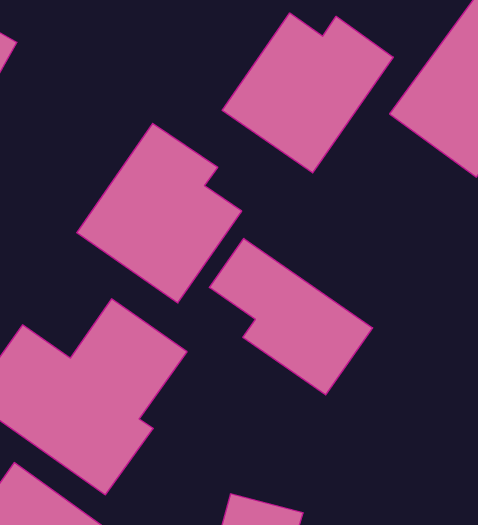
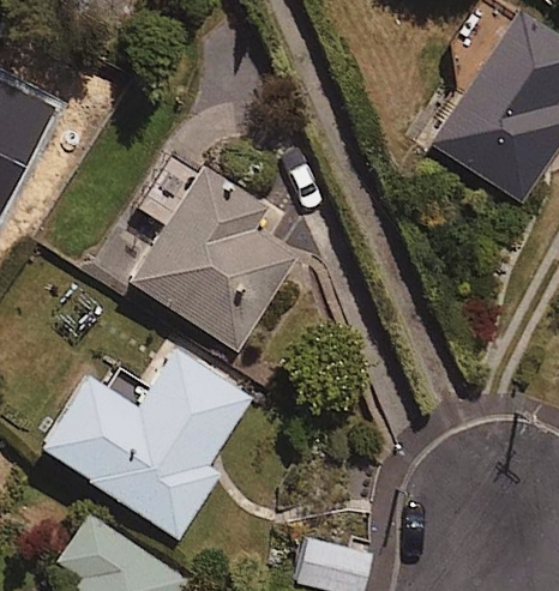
building: [222,13,393,173] -> none
building: [209,238,373,395] -> none

